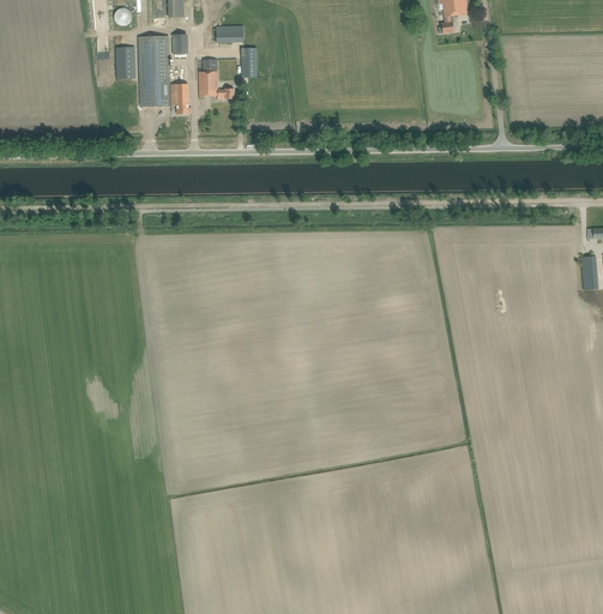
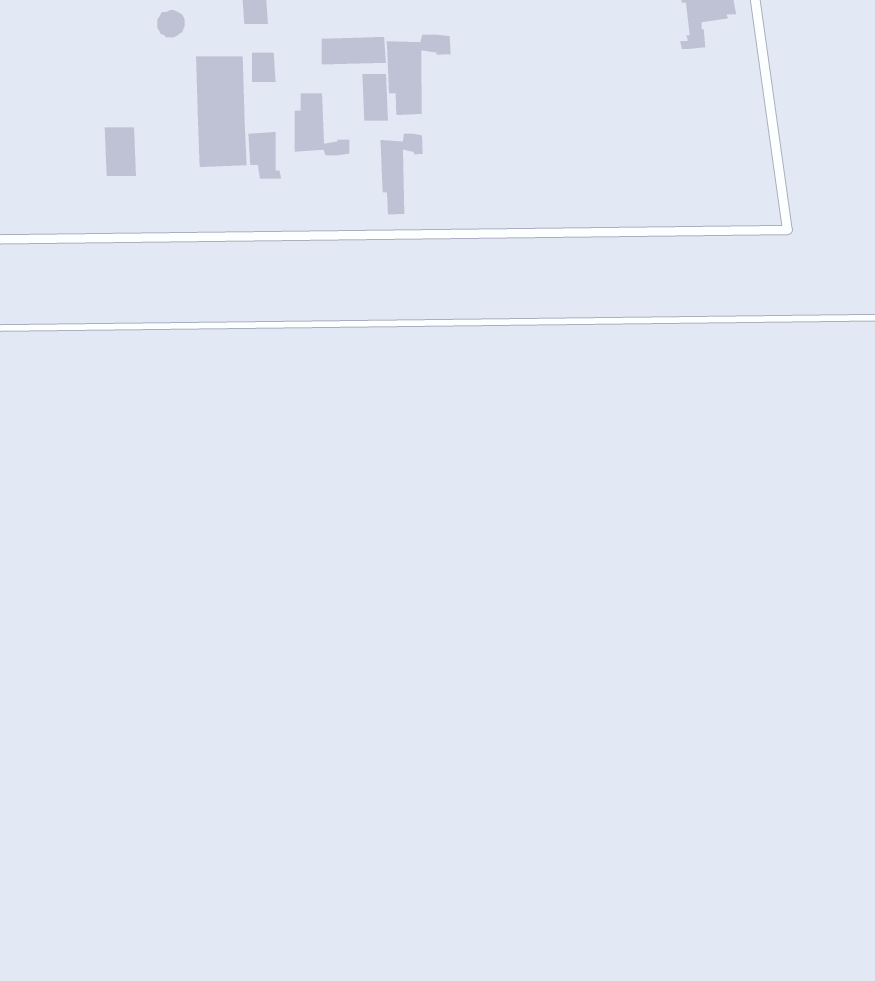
building: none -> [386,34,451,116]
building: [115,47,135,78] -> [104,127,137,177]
building: none -> [380,133,424,215]

